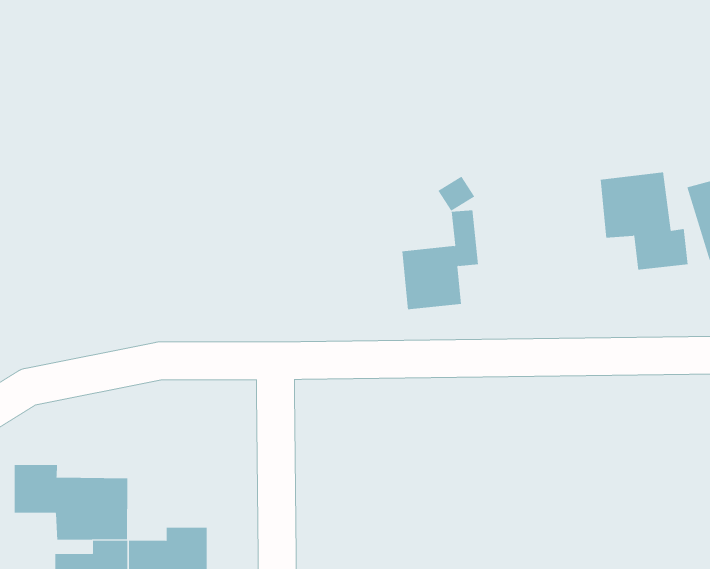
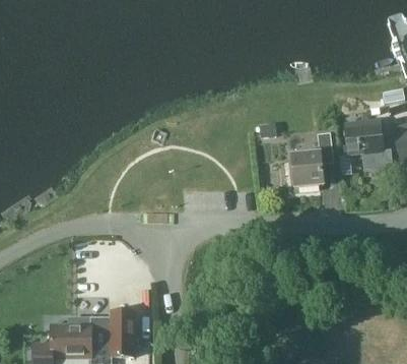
building: [402,210,479,310] -> [291,132,333,186]
building: [14,464,128,541] -> none

